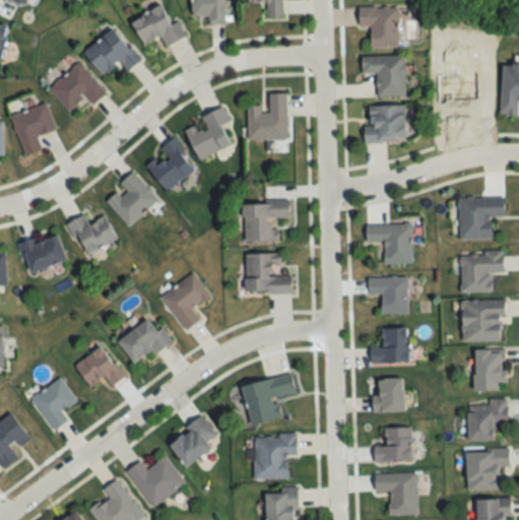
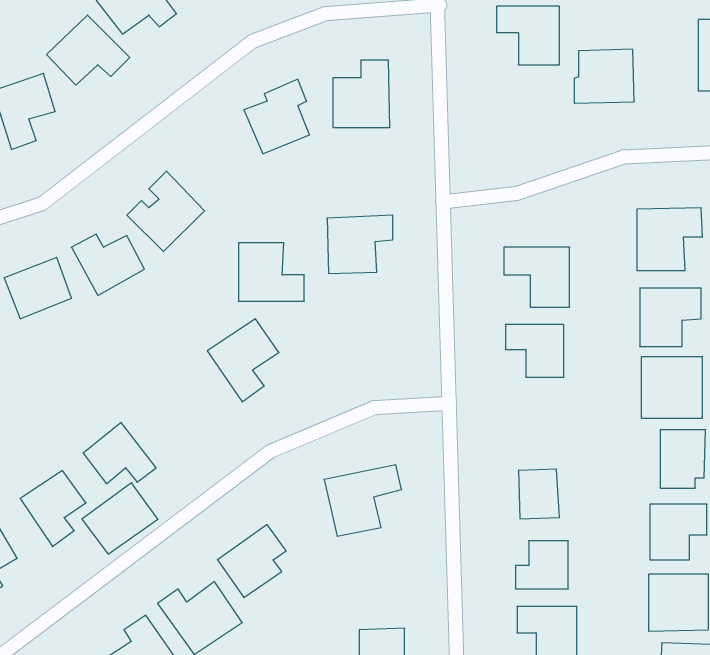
building: [365,105,406,142] -> [574,49,634,103]
building: [145,138,197,191] -> none
building: [246,254,291,295] -> [238,243,304,301]
building: [118,316,171,366] -> [82,483,158,554]
building: [371,328,410,364] -> none
building: [255,434,298,478] -> none

